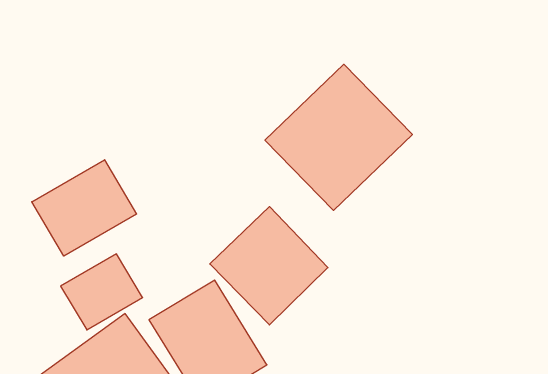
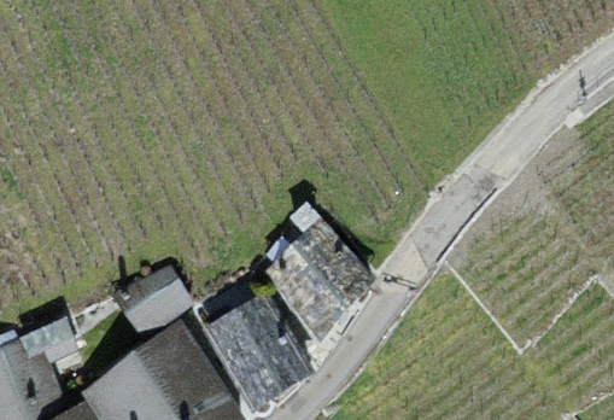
building: [265,64,412,210] -> none
building: [32,160,137,256] -> none

